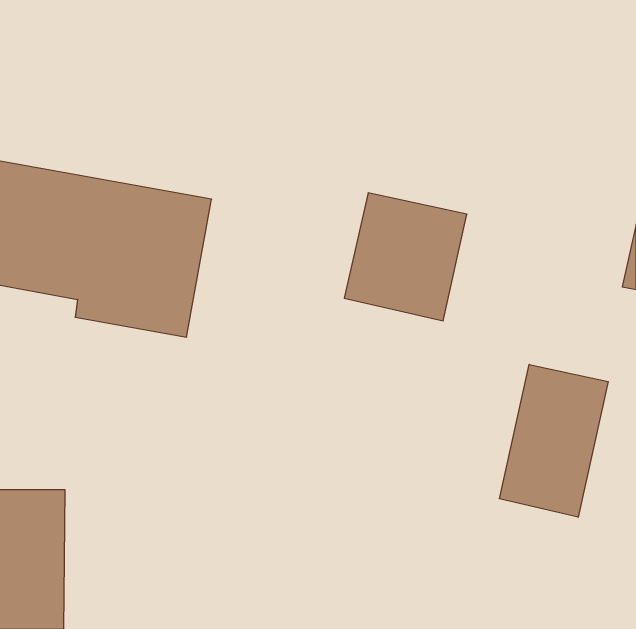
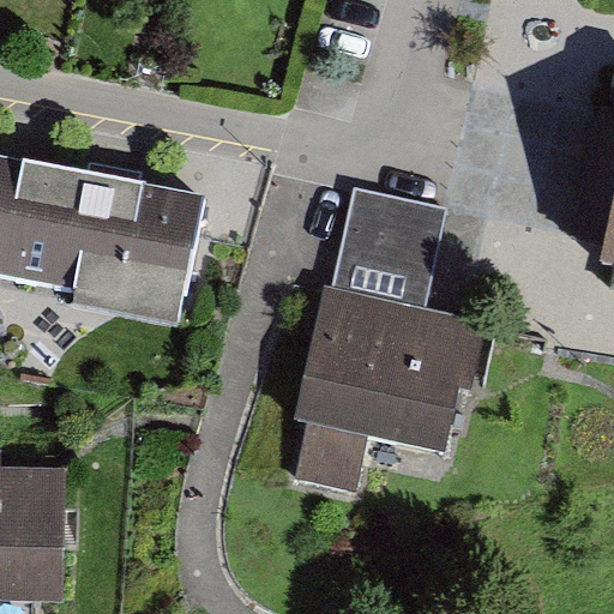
building: none -> [293,284,475,489]
building: [500,364,608,517] -> none

